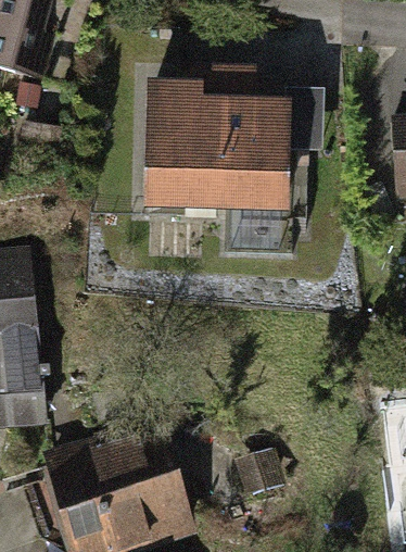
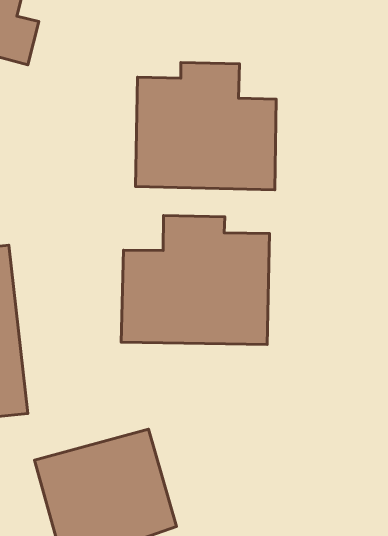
building: none -> [121,216,270,345]

